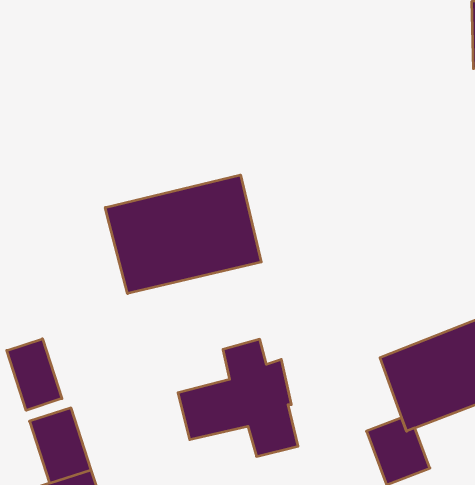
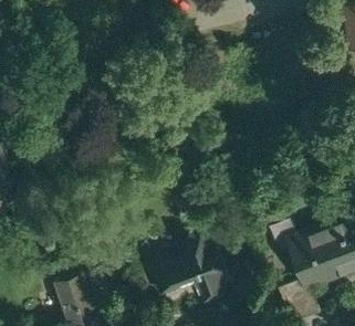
building: [105,175,261,294] -> none
building: [7,339,62,410] -> none

